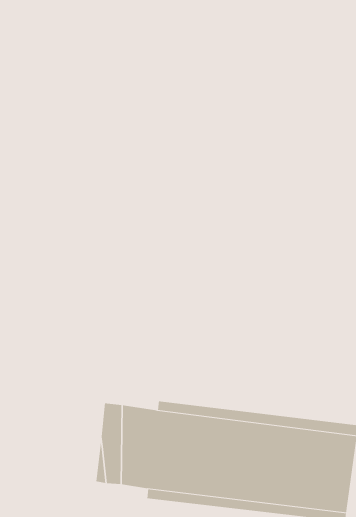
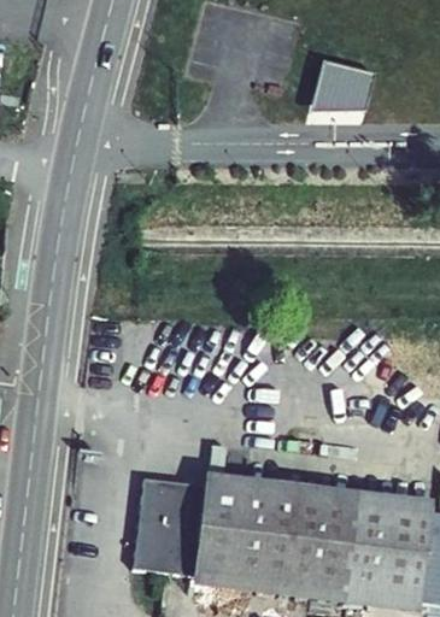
building: none -> [313,54,383,113]

